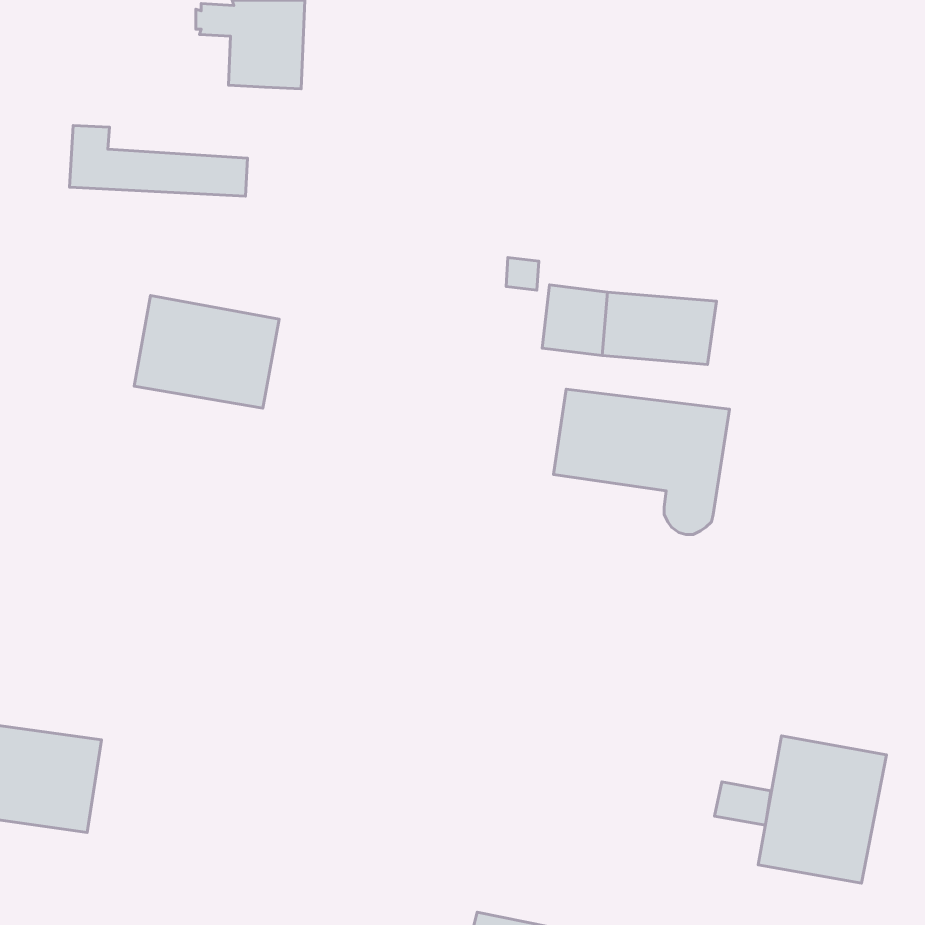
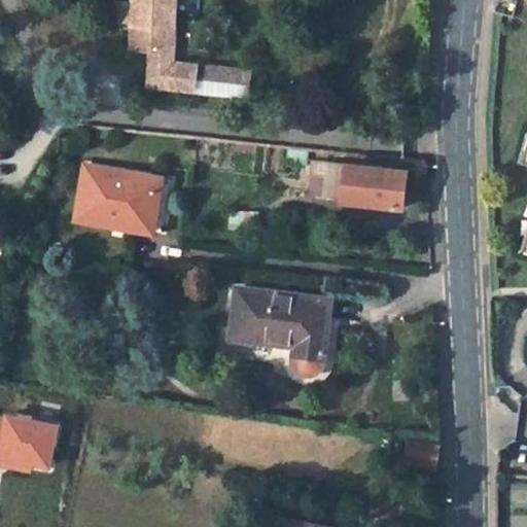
building: [70,125,247,196] -> [148,50,249,91]
building: [554,389,729,534] -> [230,290,329,373]
building: [758,736,886,883] -> none

